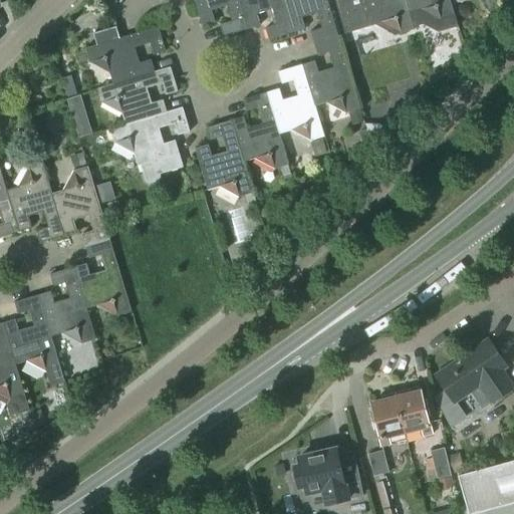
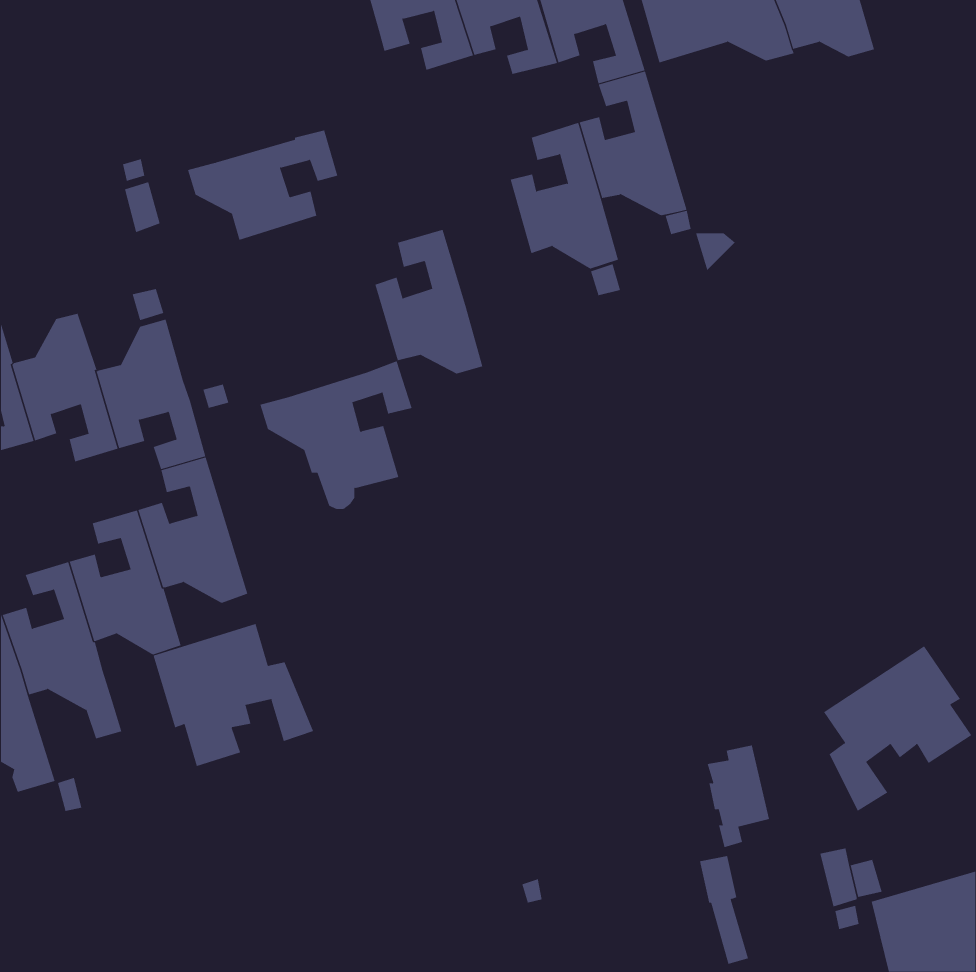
building: [86,27,167,85] -> none
building: [233,94,291,176] -> none
building: [110,107,191,186] -> [260,361,412,509]
building: none -> [153,623,314,767]
building: [396,389,434,436] -> none
building: [294,447,362,503] -> none

